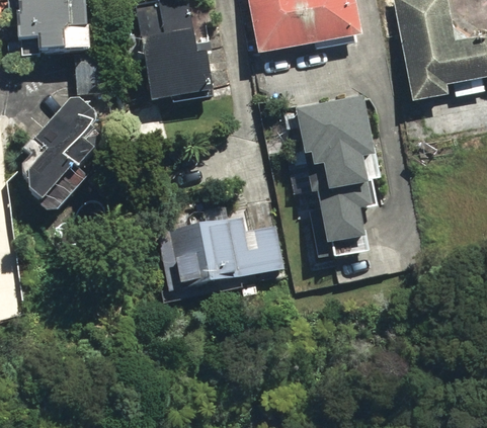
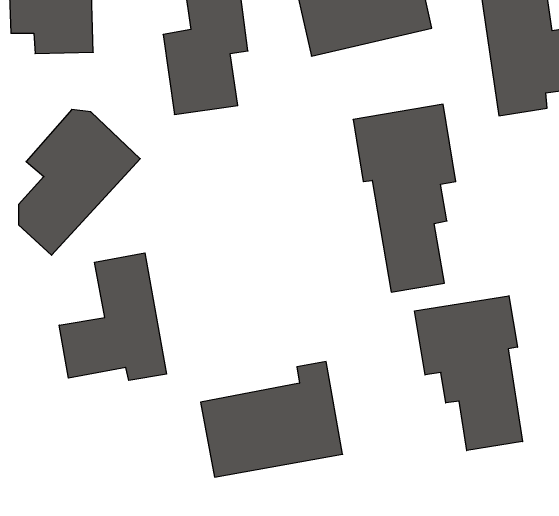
building: [170,198,283,290] -> [201,362,343,477]
building: none -> [59,253,166,380]
building: none -> [415,296,523,451]

